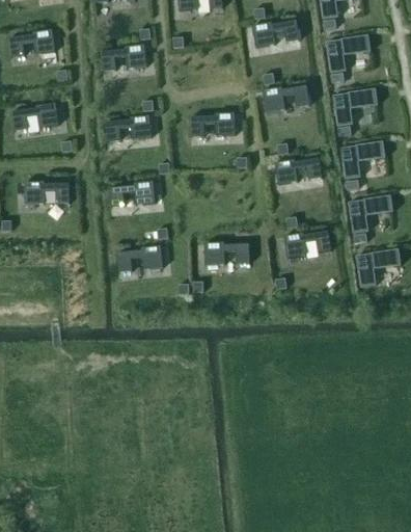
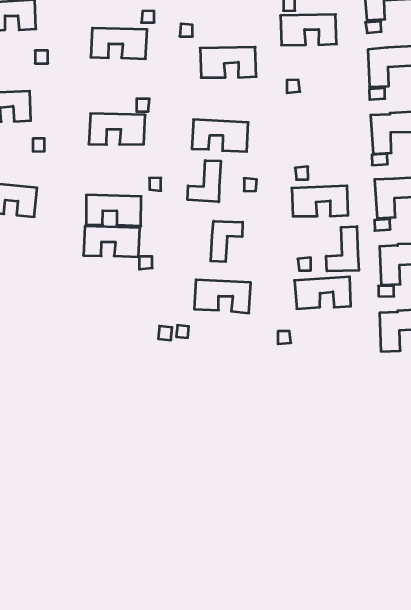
building: [263,83,310,112] -> [200,47,256,78]
building: none -> [188,160,221,202]
building: none -> [326,226,359,271]
building: none -> [211,221,243,262]
building: [117,245,163,272] -> [83,226,140,257]

